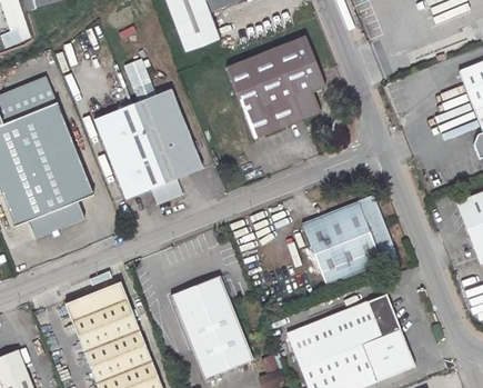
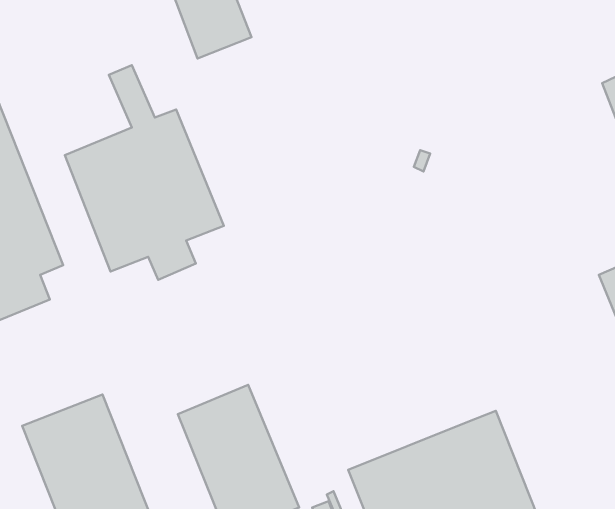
building: [225,36,325,138] -> none
building: [302,195,398,285] -> none

